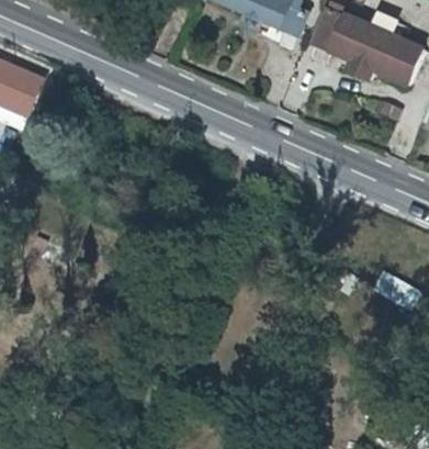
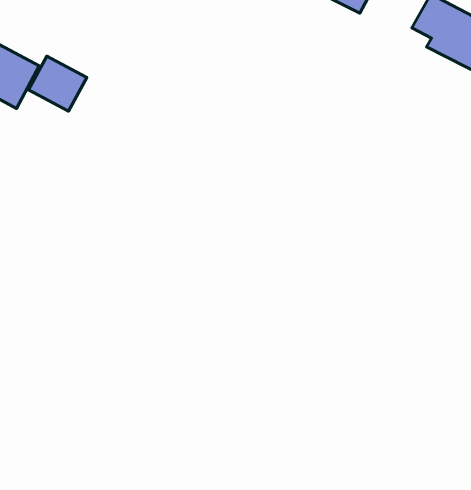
building: none -> [29,56,87,111]

